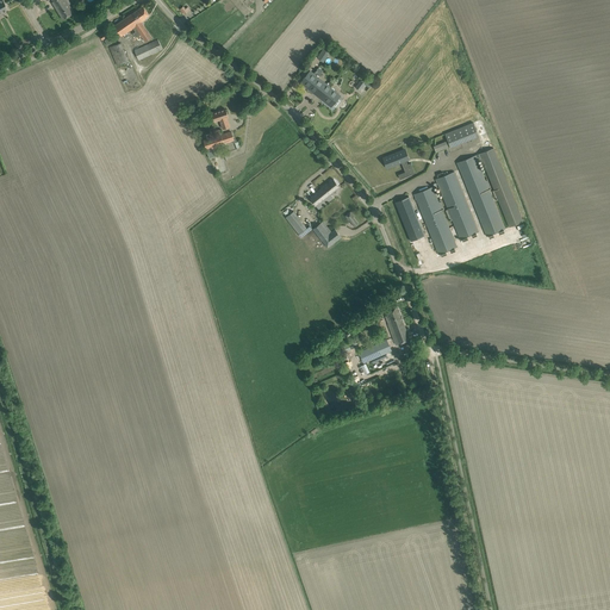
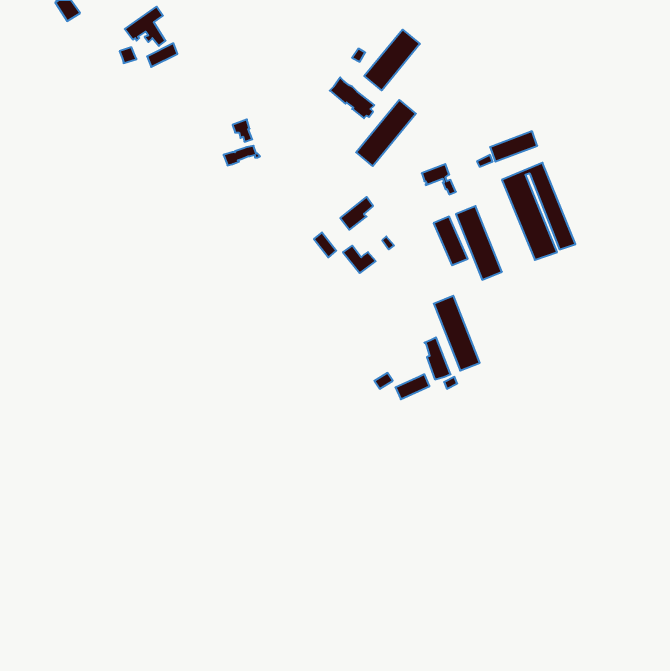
building: none -> [364,30,420,90]
building: none -> [356,100,416,166]
building: [435,172,477,239] -> [434,296,480,371]

